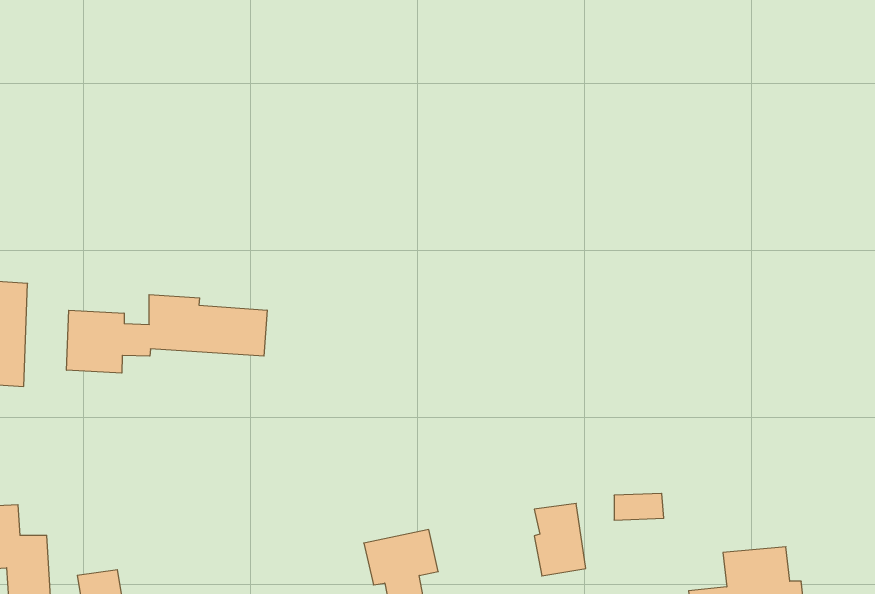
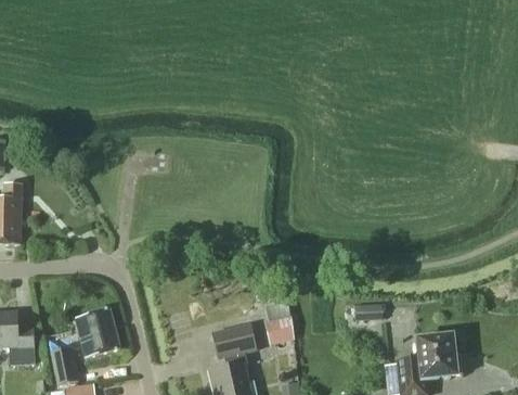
building: [67,295,267,373] -> none
building: none -> [76,307,119,356]
building: [534,503,586,576] -> [264,303,294,344]

